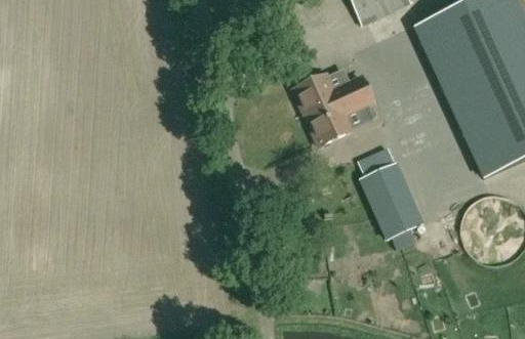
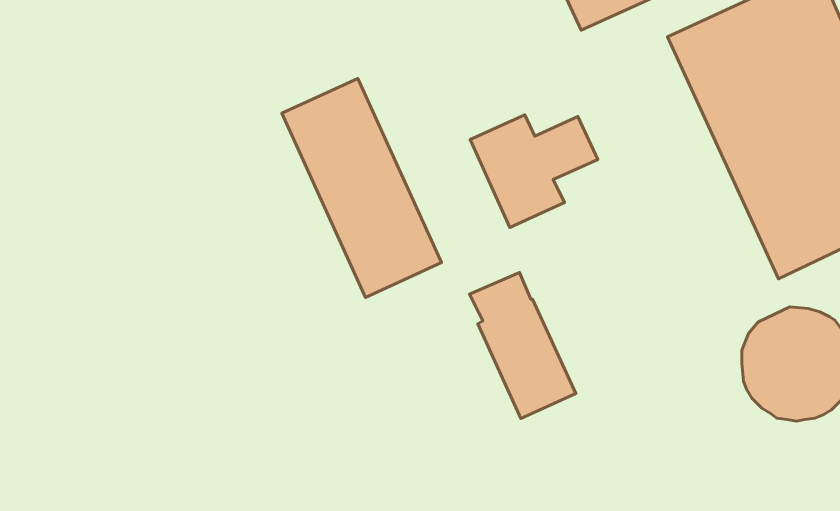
building: none -> [282,78,441,297]
building: [357,146,422,237] -> [470,273,576,418]

